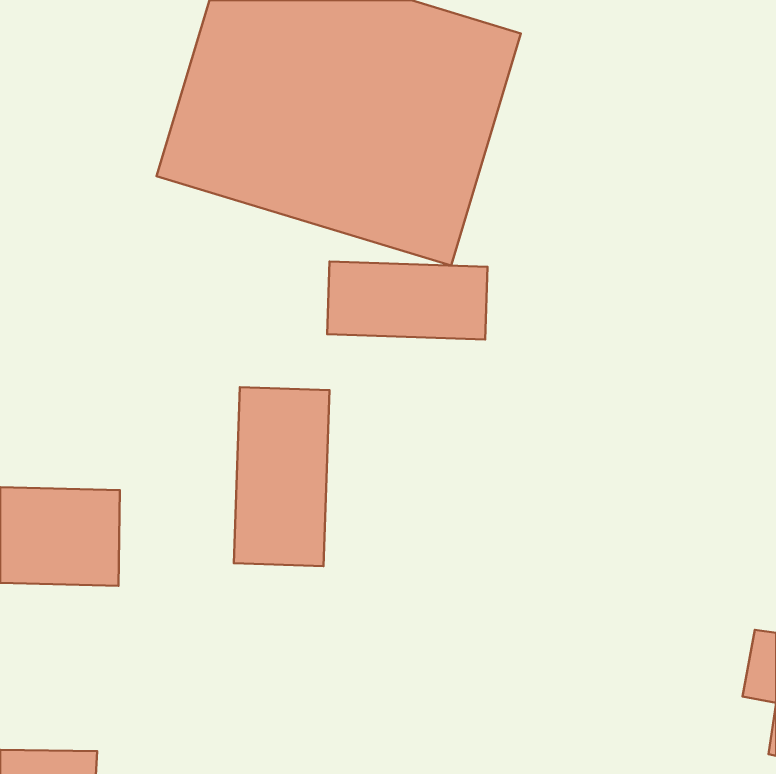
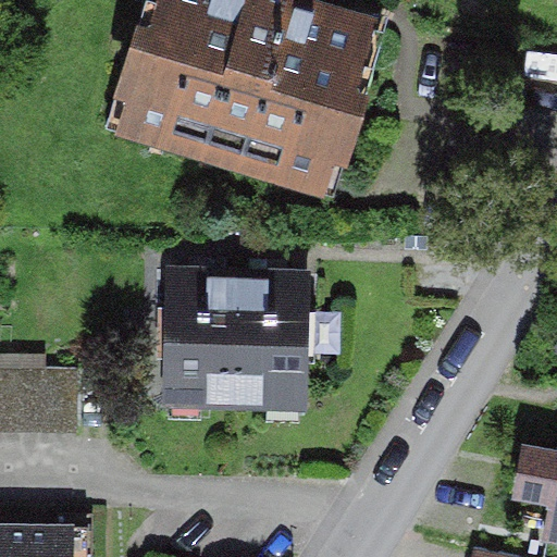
building: [327,261,488,340] -> none
building: none -> [232,281,300,409]

